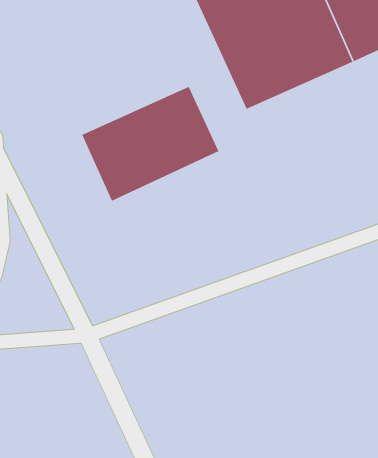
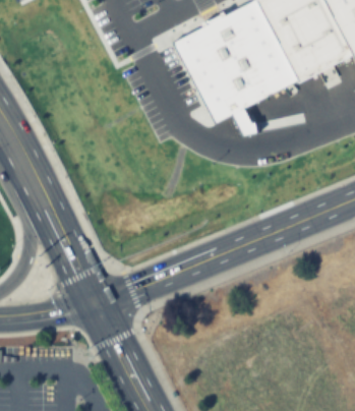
building: [81,86,220,202] -> none

